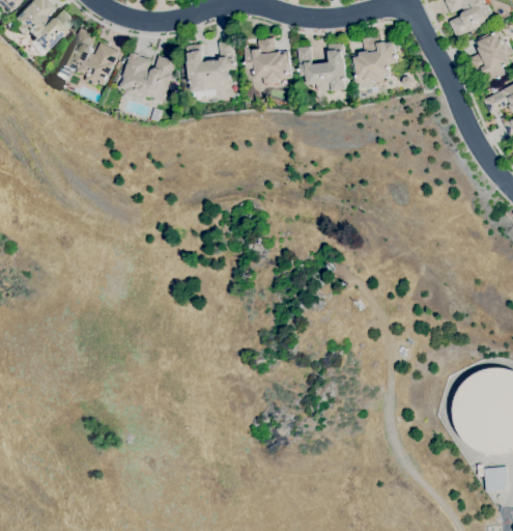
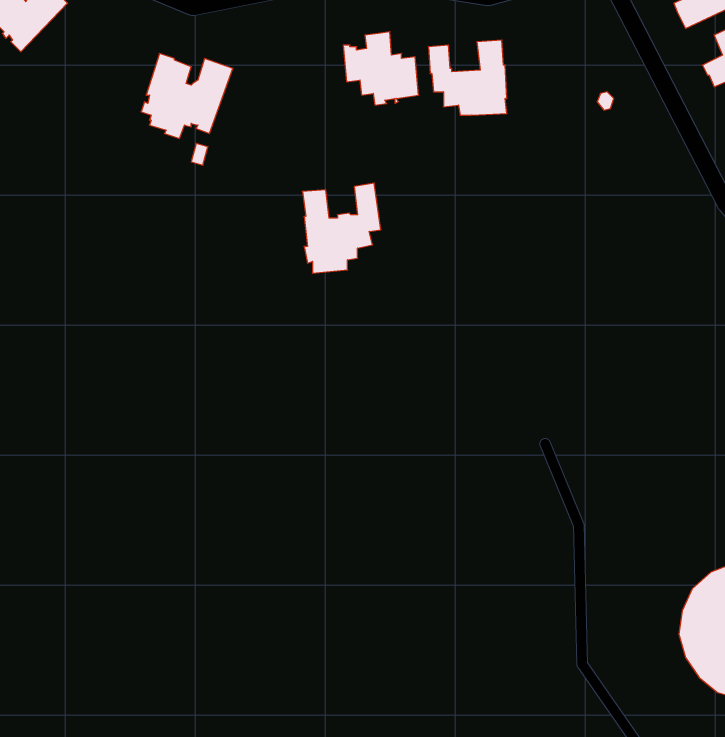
building: [55,28,119,86] -> none
building: [351,37,398,83] -> none
building: [187,40,235,96] -> [302,183,381,273]

